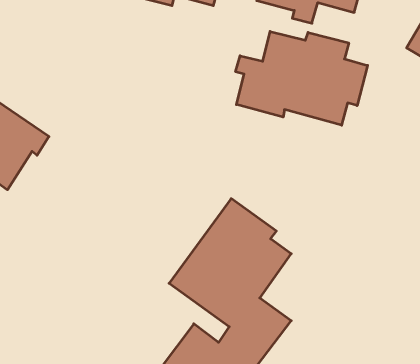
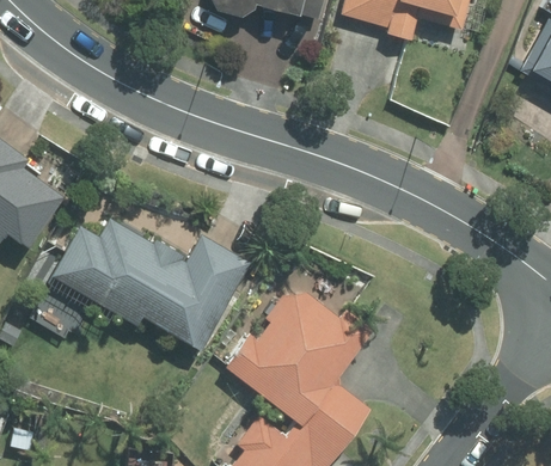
building: [236,31,368,125] -> none
building: none -> [59,213,257,344]

